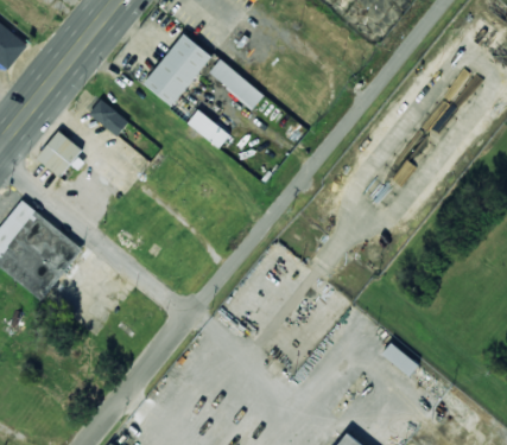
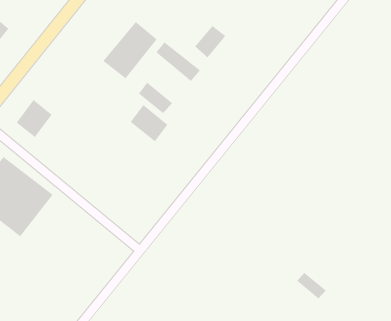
building: none -> [195,25,226,58]
building: [88,98,128,136] -> none
building: none -> [130,104,168,142]

